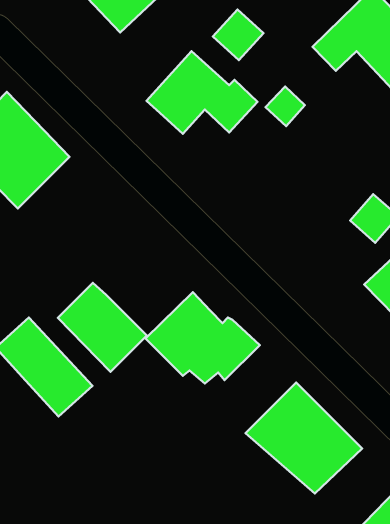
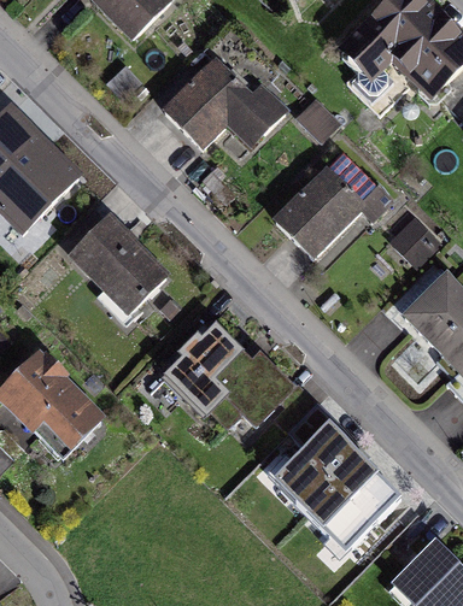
building: [213,9,264,60] -> none
building: none -> [271,143,388,255]
building: [58,283,147,372] -> [74,217,171,314]

